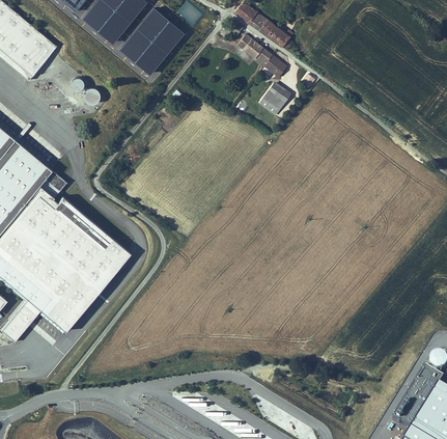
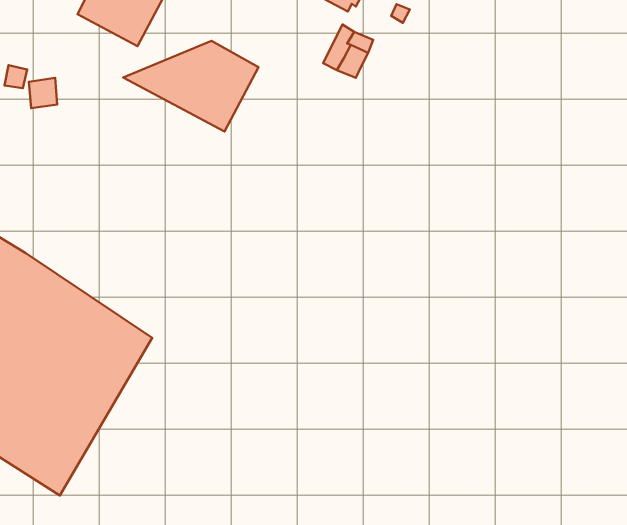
building: none -> [123,41,258,131]

